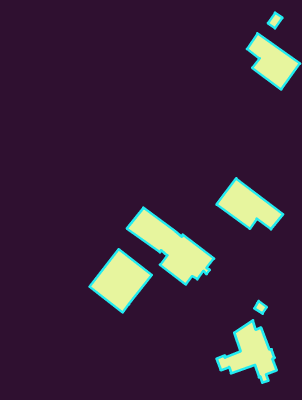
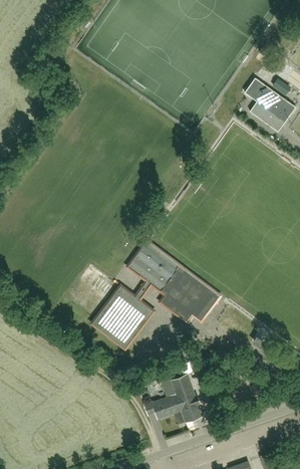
building: [217,178,283,229] -> none
building: [217,320,277,383] -> [143,367,202,427]

